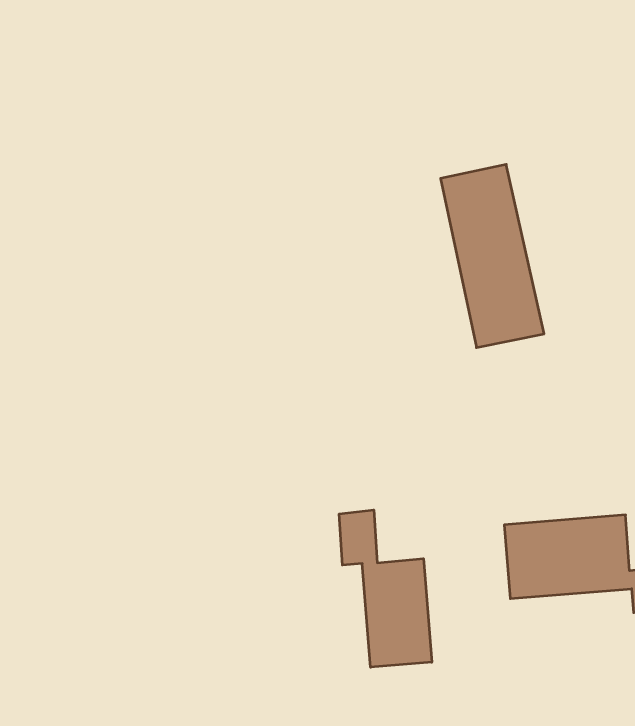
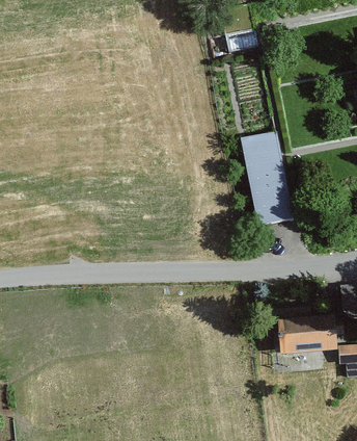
building: [339,510,432,667] -> none

